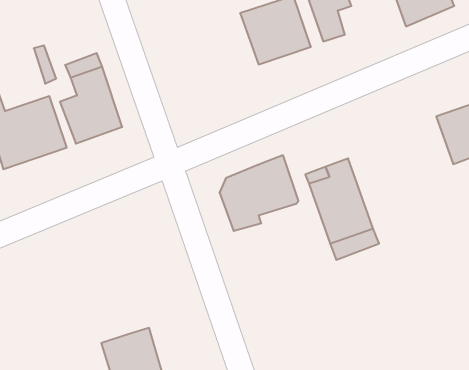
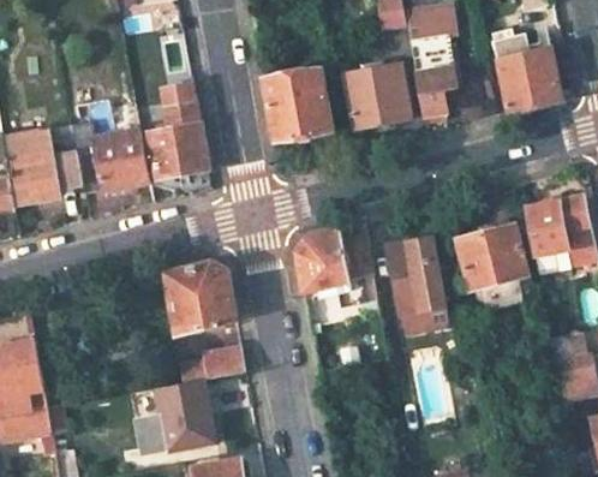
building: none -> [263,67,331,139]
building: none -> [455,225,526,309]
building: none -> [167,262,235,333]
building: none -> [179,344,244,378]

